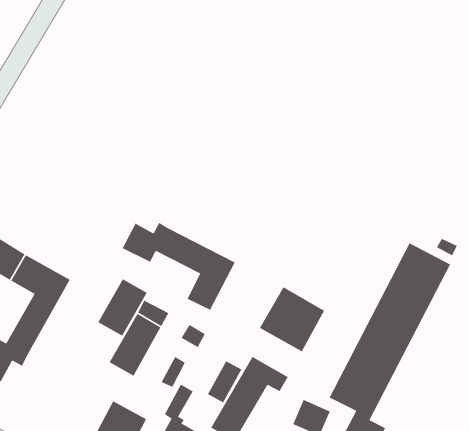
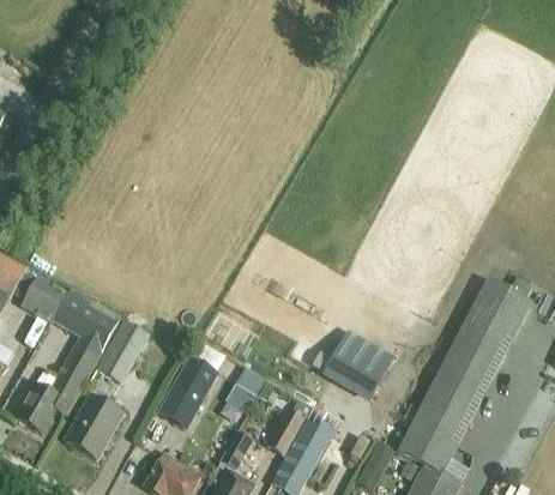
building: [121,222,236,311] -> none
building: [97,278,148,337] -> [93,320,149,384]
building: none -> [65,397,122,461]

